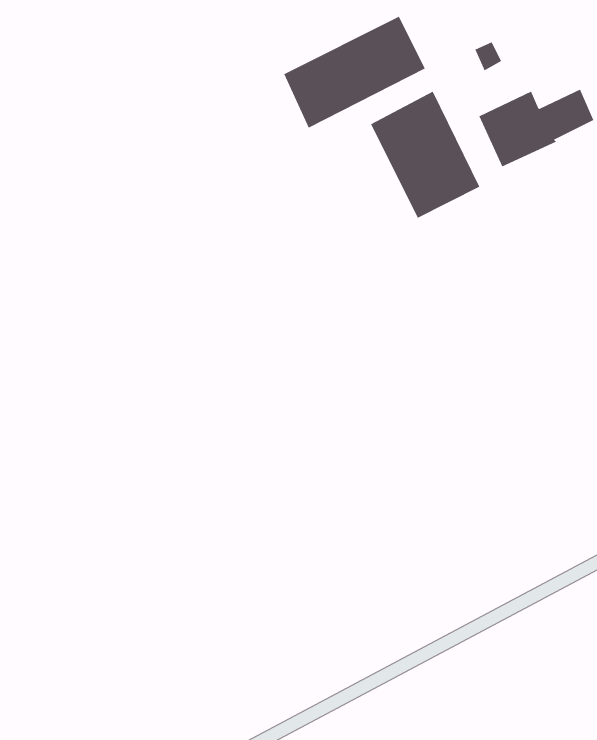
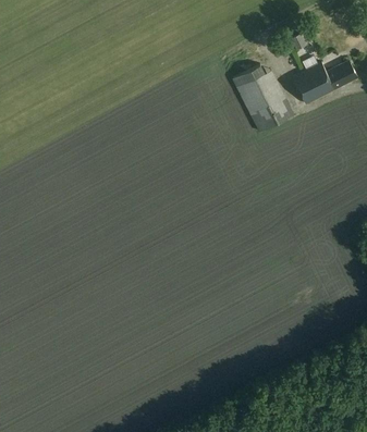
building: [284,16,426,128] -> none

